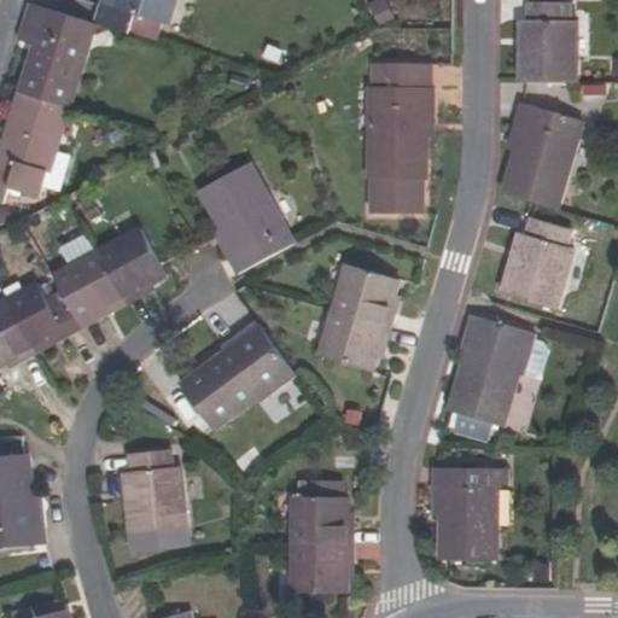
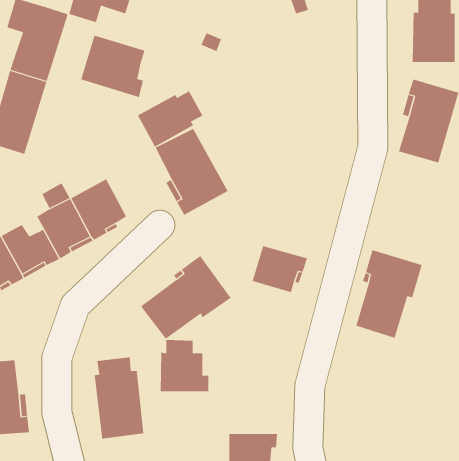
building: none -> [80,35,145,98]
building: [369,63,433,212] -> none
building: none -> [137,90,203,148]
building: [502,217,571,307] -> none
building: [333,264,395,326] -> none
building: [432,467,494,559] -> none
building: [291,479,352,544] -> [160,339,209,392]

